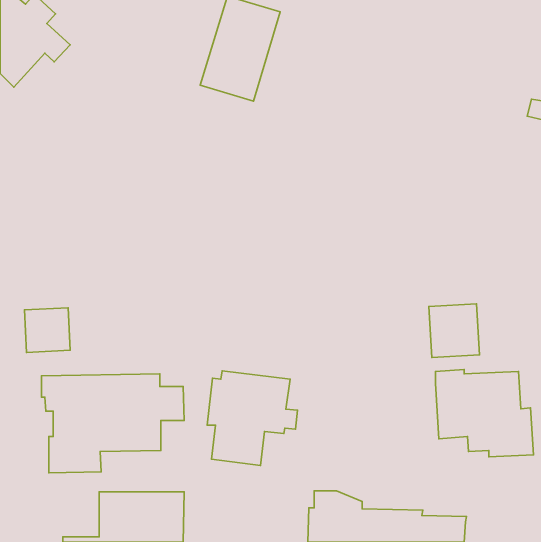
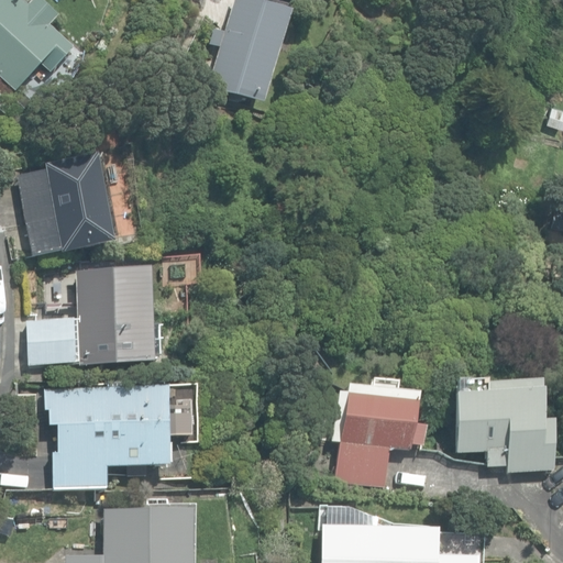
building: none -> [18,155,113,255]
building: none -> [77,267,154,365]
building: [429,304,480,358] -> none
building: [207,371,298,465] -> [332,385,426,483]

